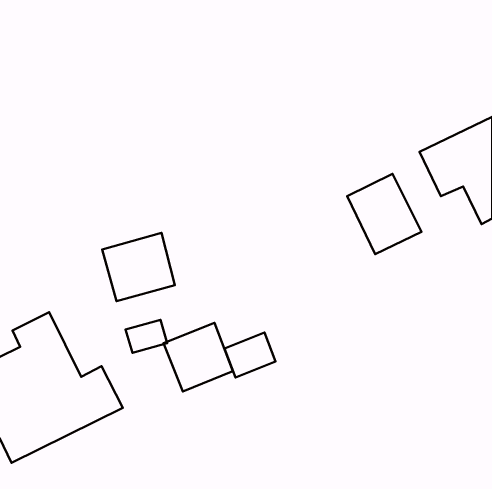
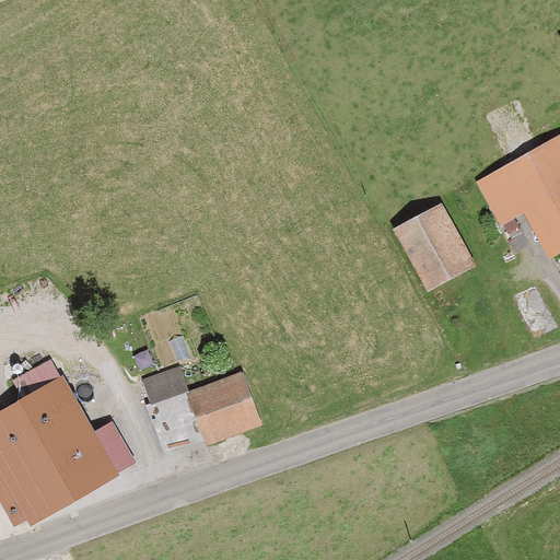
building: [102,233,175,301] -> none
building: [224,333,276,377] -> none

